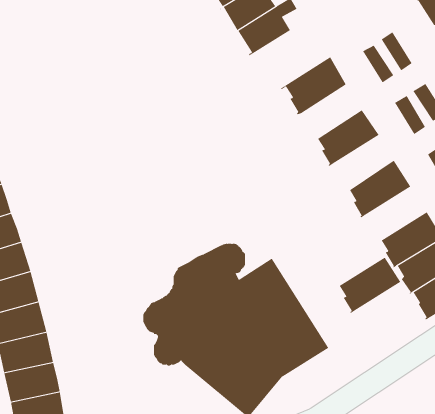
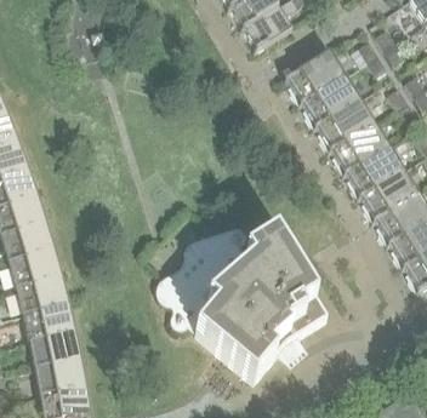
building: none -> [302,78,358,130]
building: none -> [331,124,387,176]
building: [339,257,401,314] -> [360,171,417,223]

